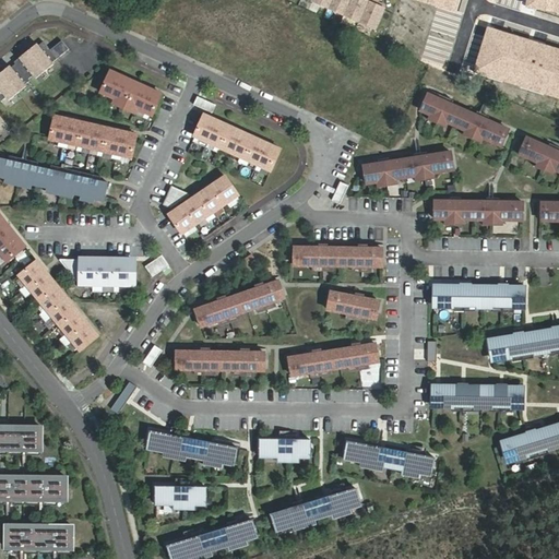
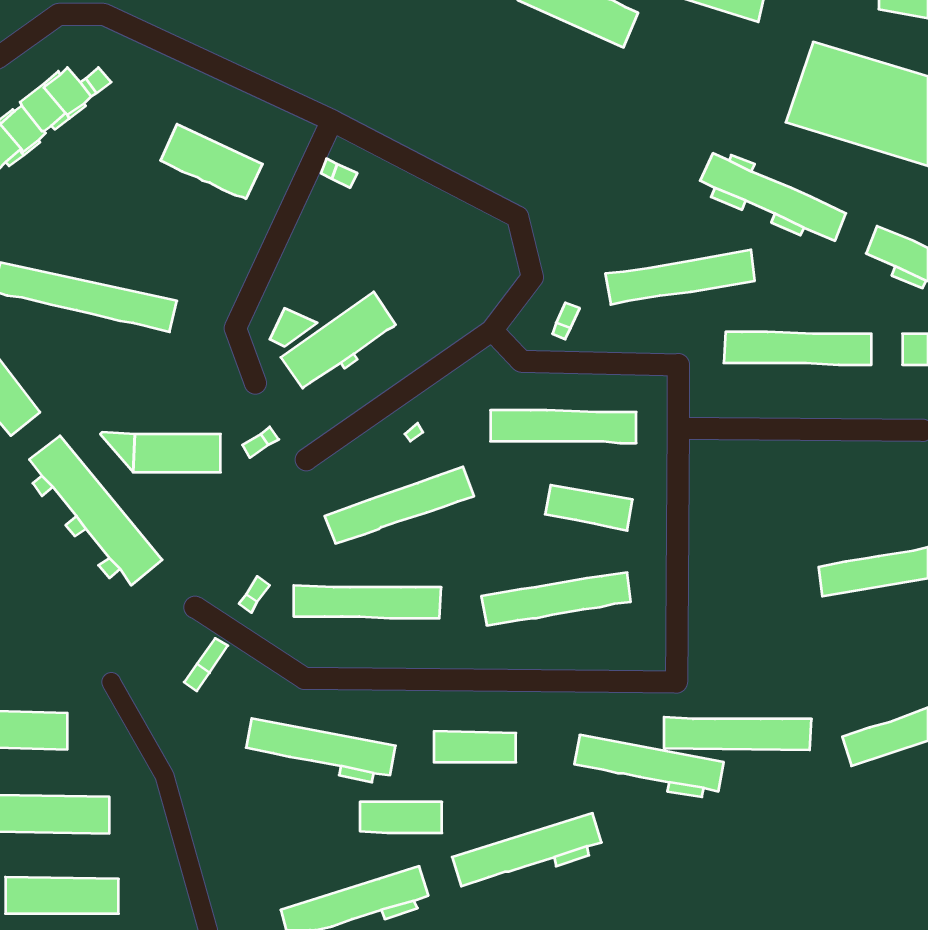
building: [192,114,278,169] -> none
building: [48,115,134,156] -> none
building: [435,286,523,305] -> none
building: [433,385,522,405] -> [664,717,812,750]
building: [156,486,205,504] -> [360,802,442,833]

